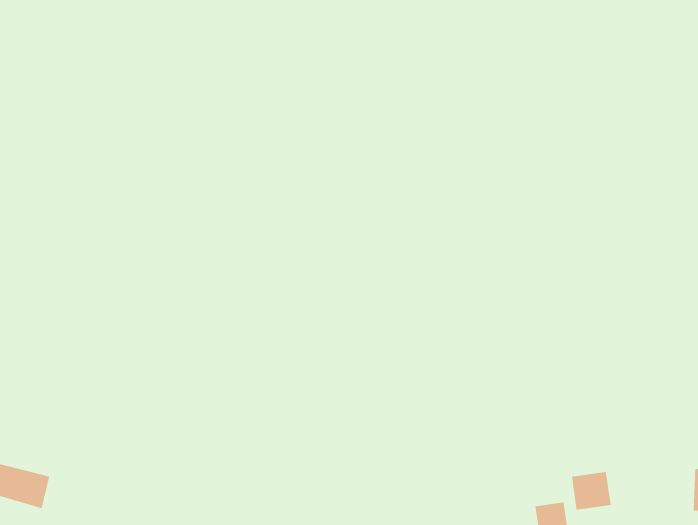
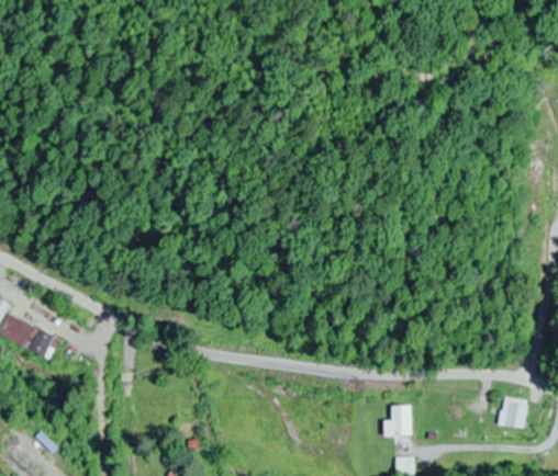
building: [571,471,611,511] -> none

